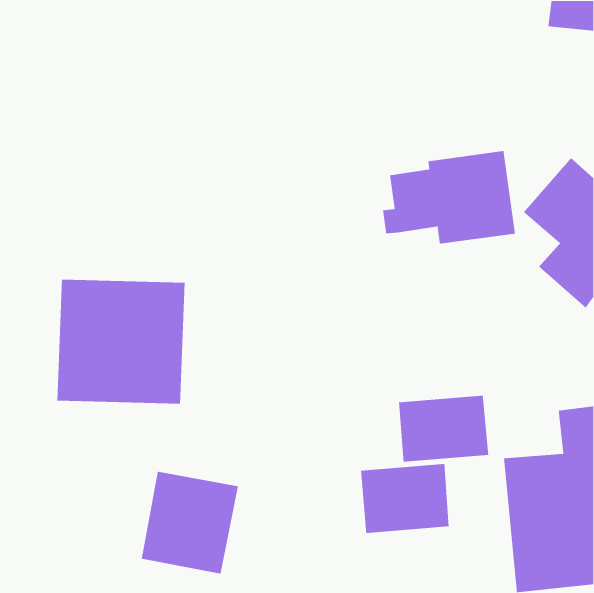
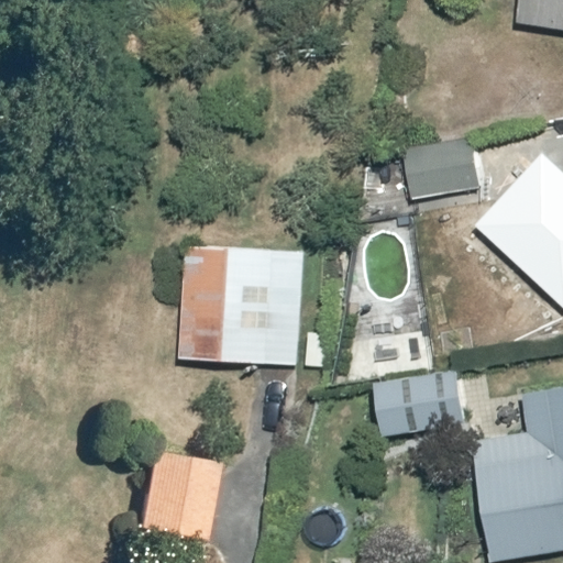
building: [56,279,186,405] -> [181,244,303,363]
building: [360,463,449,534] -> none

